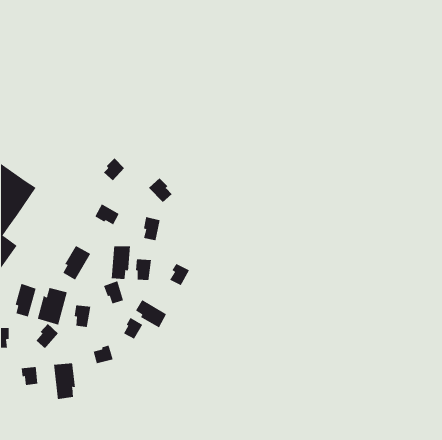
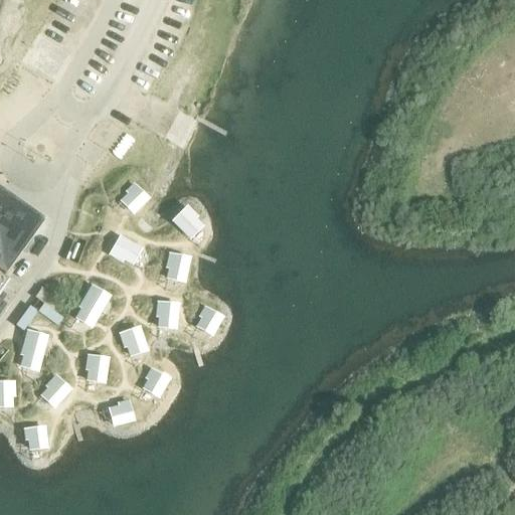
building: [111,246,130,280] -> none
building: [37,287,68,325] -> none
building: [135,299,167,328] -> none
building: [53,363,76,400] -> none

